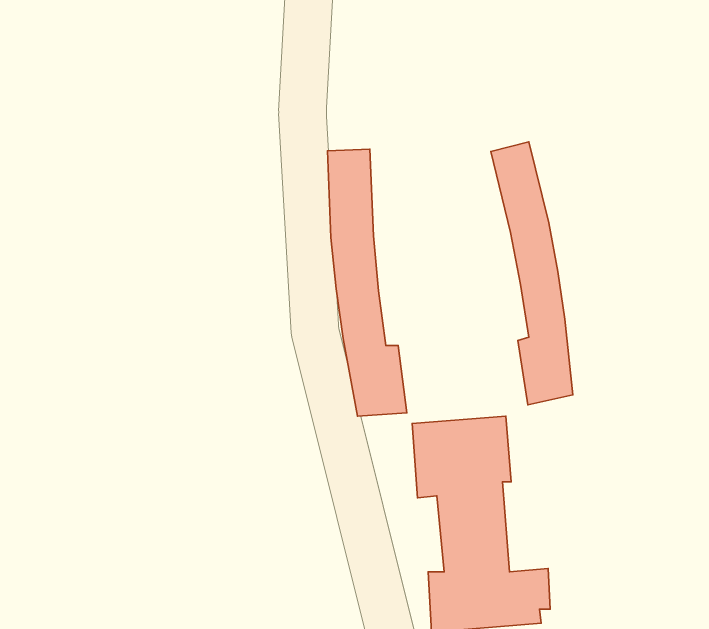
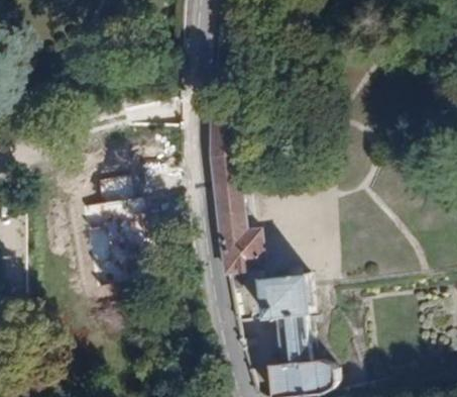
building: [491,142,573,405] -> none

